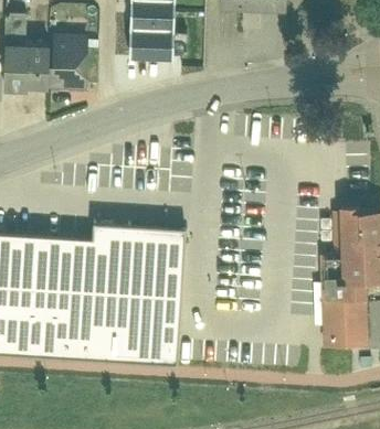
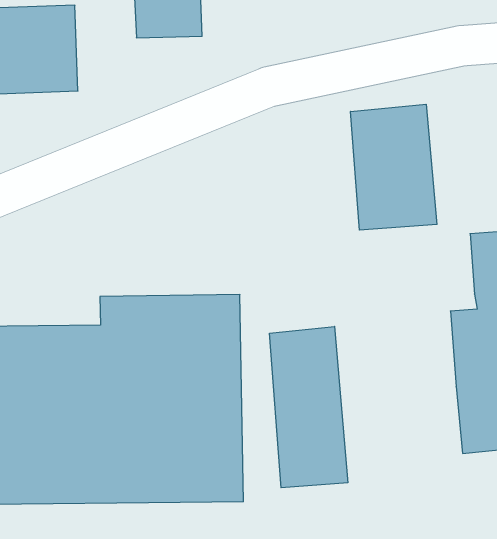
building: none -> [351,104,437,230]
building: none -> [270,326,348,488]

